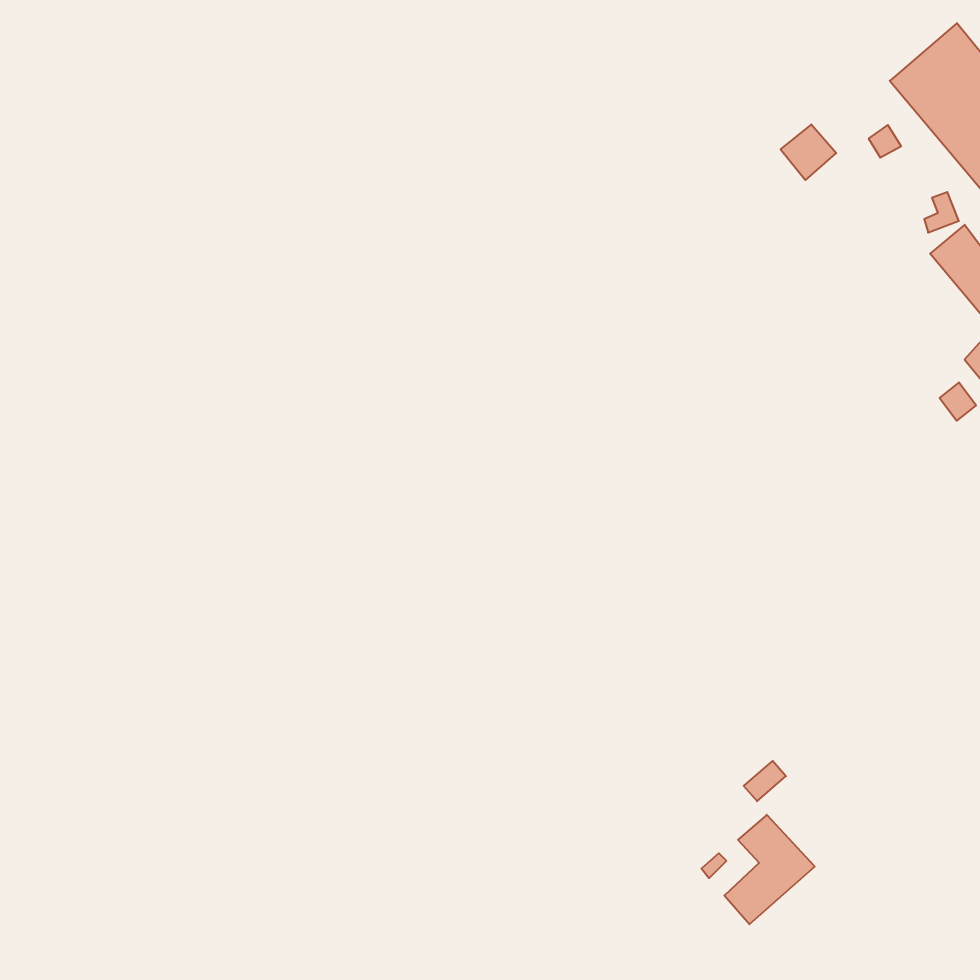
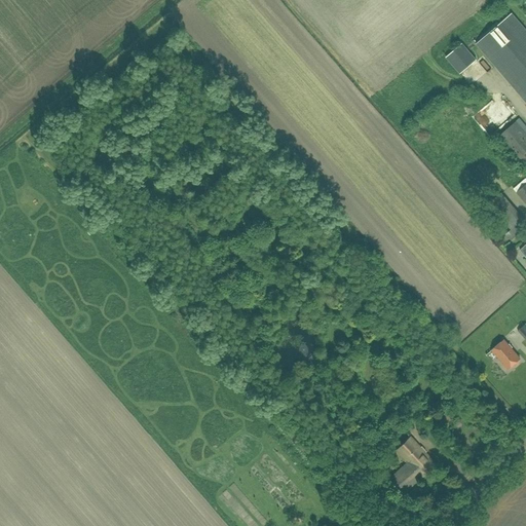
building: [781,124,836,180] -> [447,43,477,73]
building: none -> [493,339,521,368]

